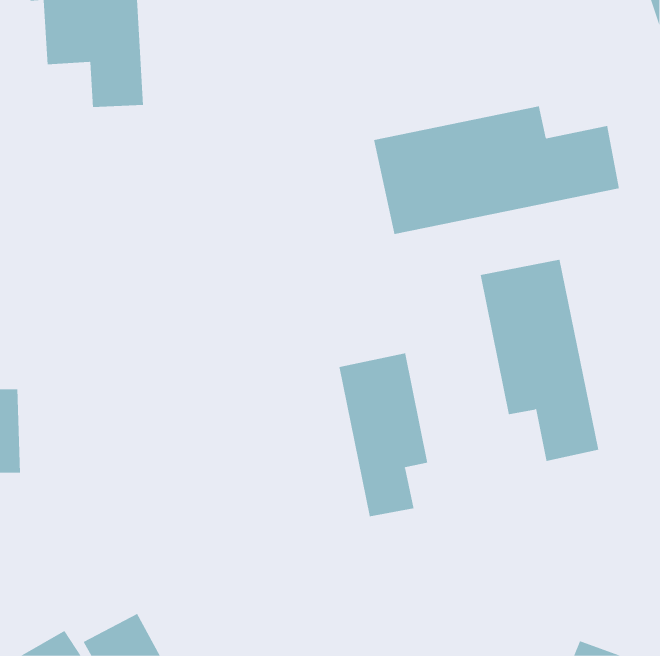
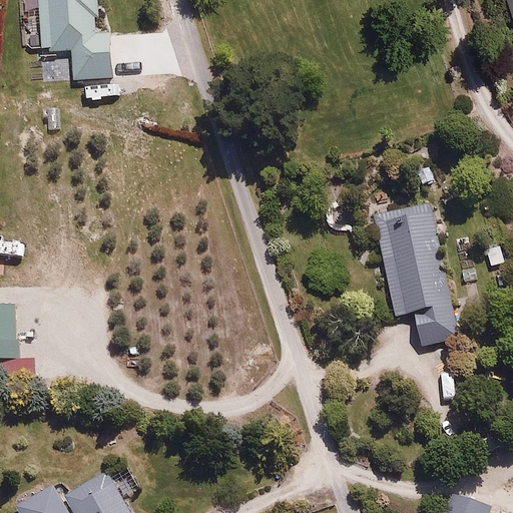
building: [374,106,619,235] -> none
building: [339,352,428,517] -> none

